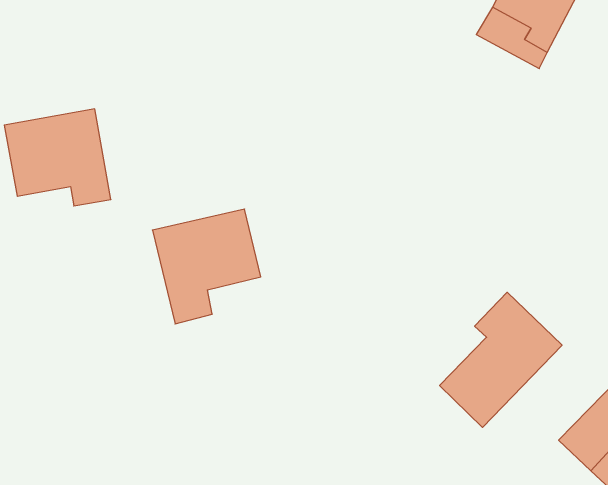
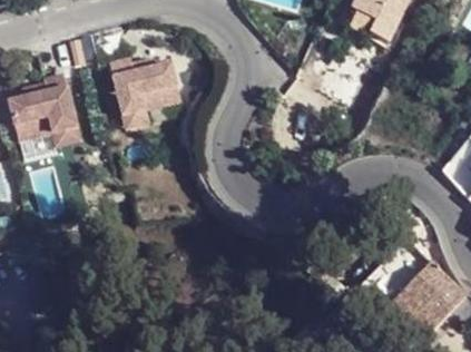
building: [152,209,261,324] -> [105,52,179,131]
building: [440,292,562,427] -> none

